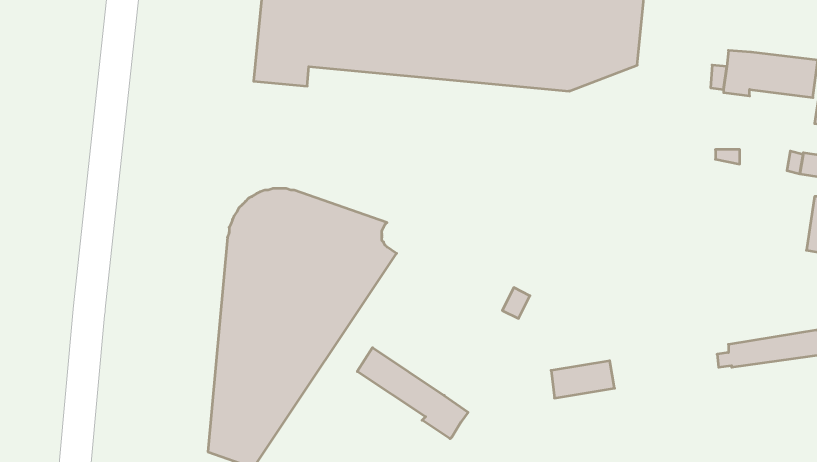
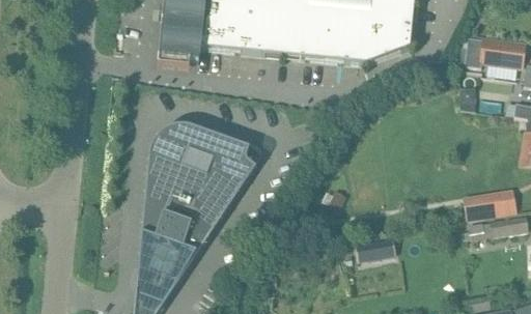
building: none -> [463,191,508,220]
building: [357,348,468,439] -> none

